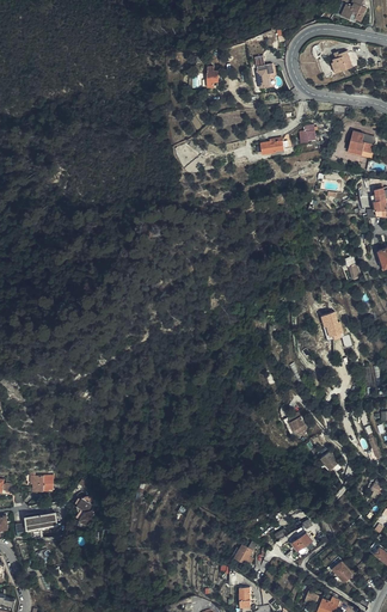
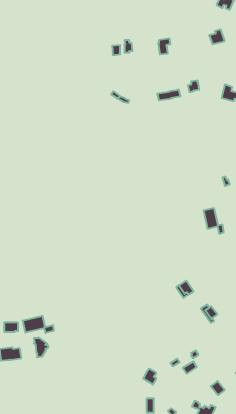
building: none -> [23,316,54,333]

